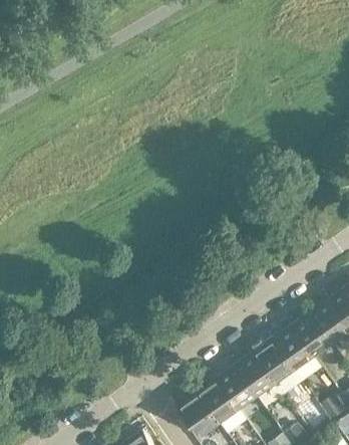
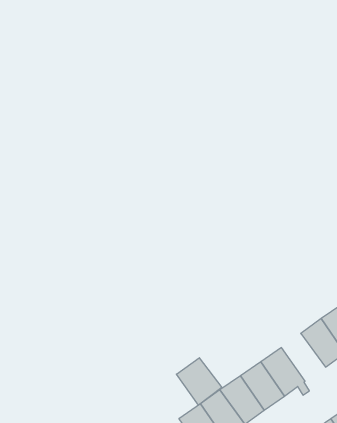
building: [273,327,314,372] -> none
building: none -> [176,358,222,405]

